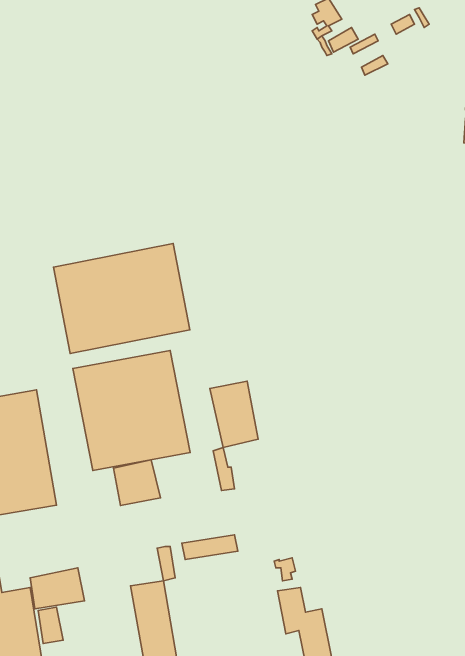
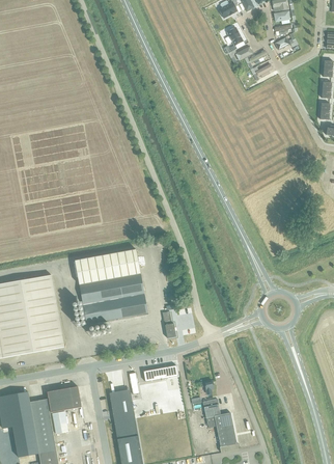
building: [53,244,190,353] -> none
building: [210,381,258,448] -> none
building: [114,460,160,506] -> none

